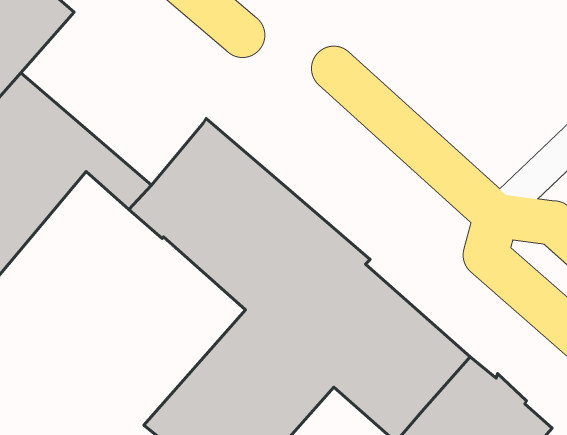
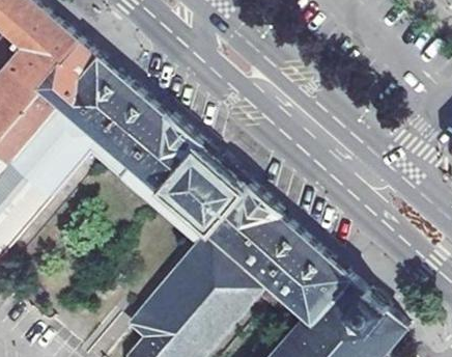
building: none -> [44,44,168,162]

